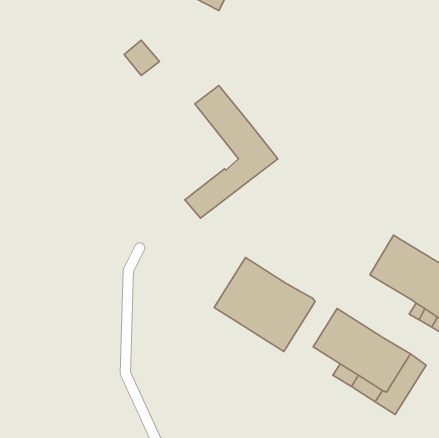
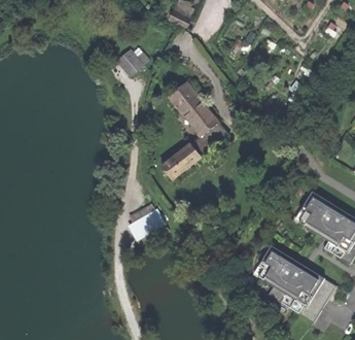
building: [214,257,315,351] -> none
building: none -> [129,208,164,238]

